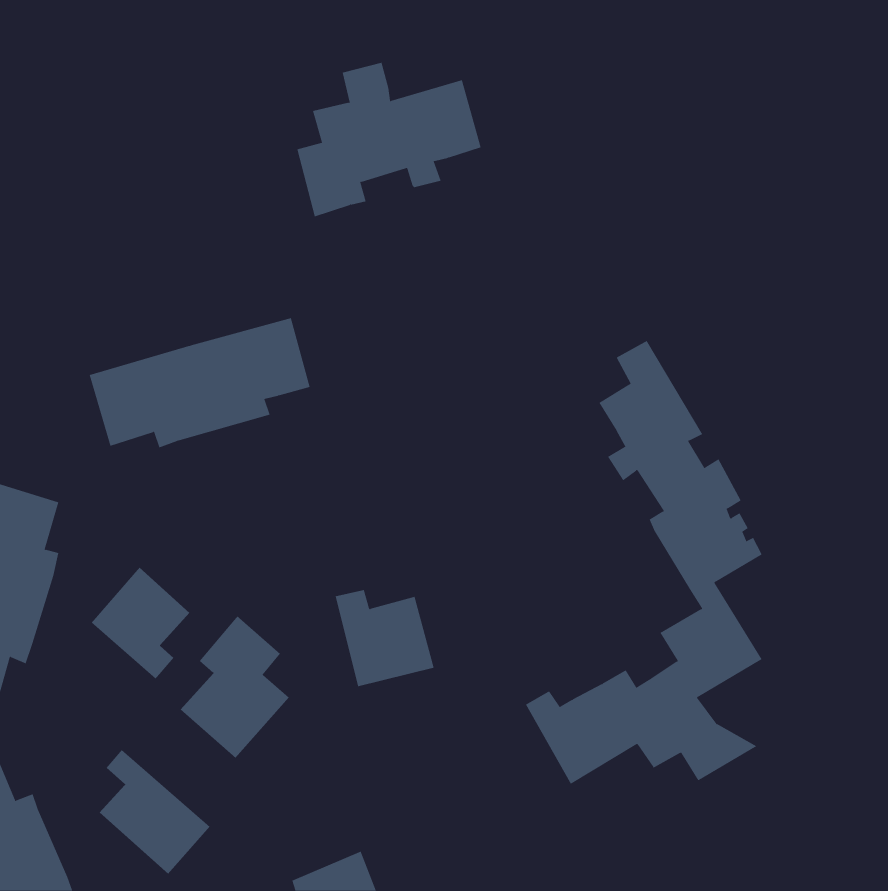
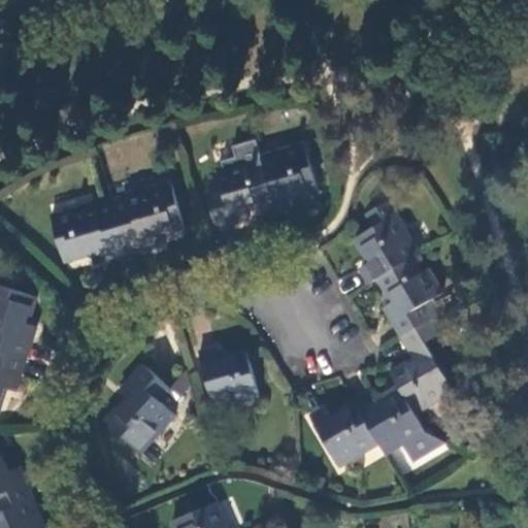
building: [297,62,482,217] -> [205,139,315,231]
building: [91,567,190,679] -> none
building: [99,749,210,875] -> none

